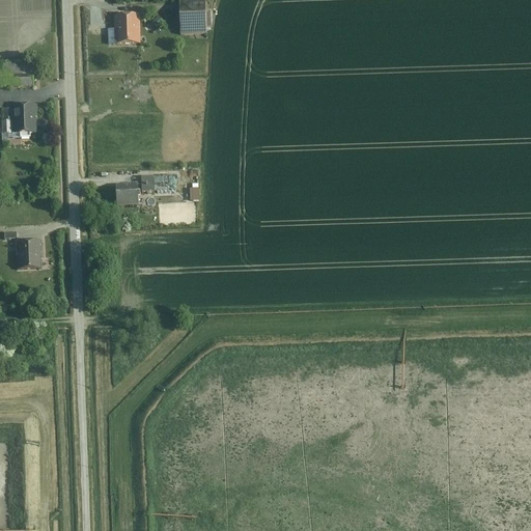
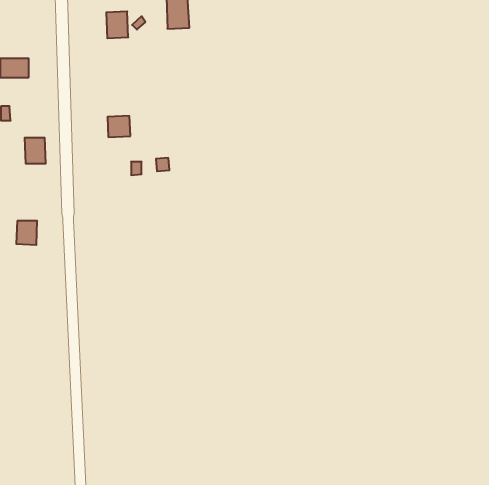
building: [12,103,35,131] -> [25,138,46,164]
building: [114,181,139,204] -> [107,116,130,137]

